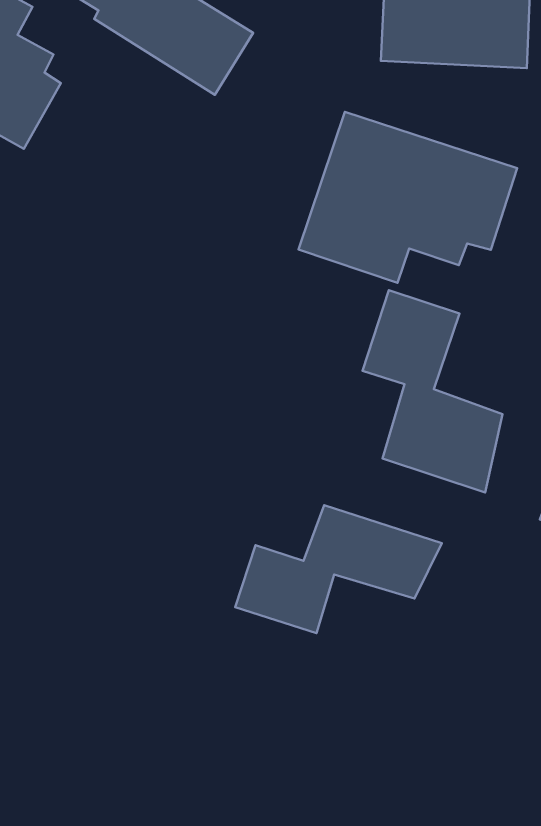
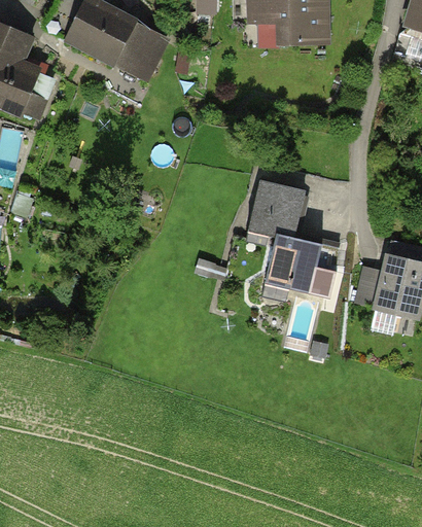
building: [298,112,517,283] -> none
building: [235,505,442,633] -> none

